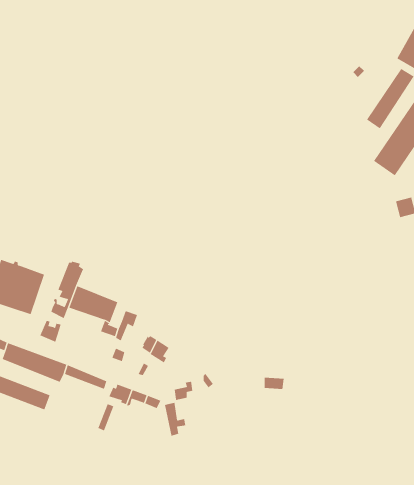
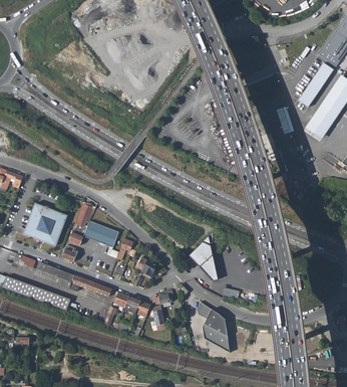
building: none -> [191,237,219,280]
building: none -> [199,303,231,354]

